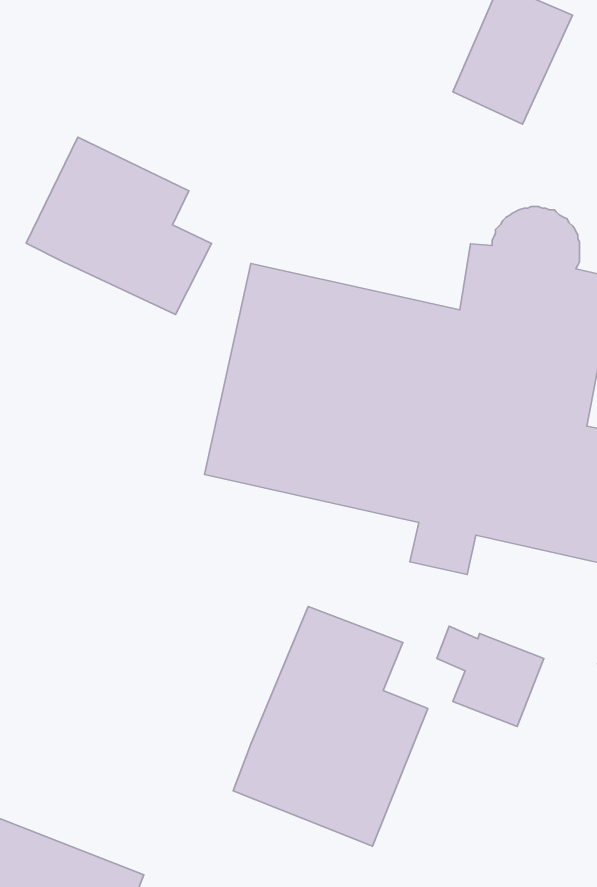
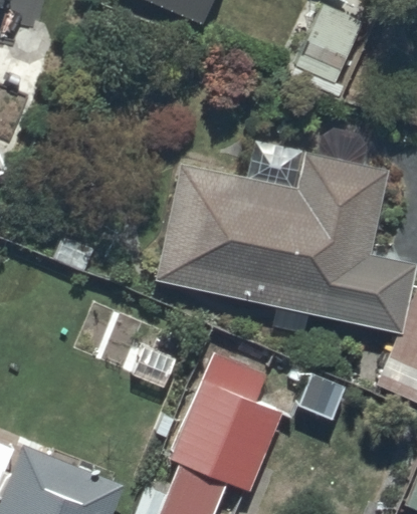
building: [26,137,212,315] -> none

